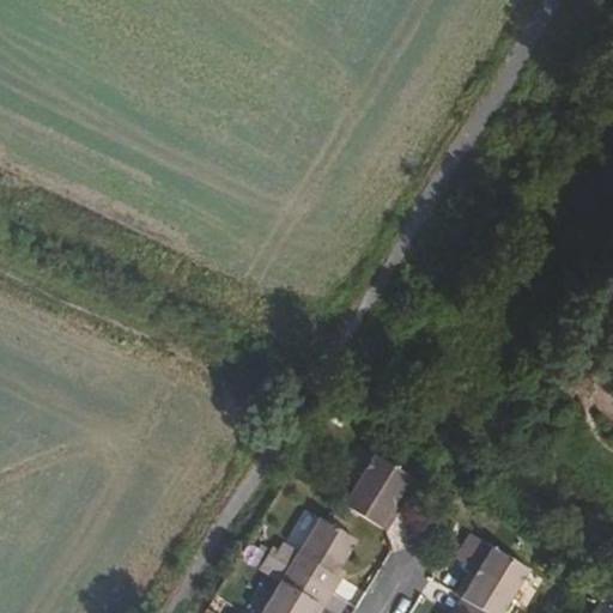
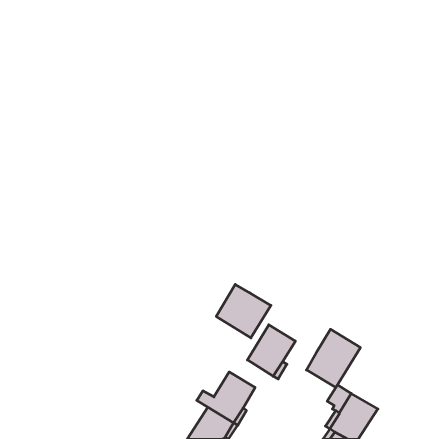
building: none -> [216,284,271,338]
building: none -> [306,329,360,387]

